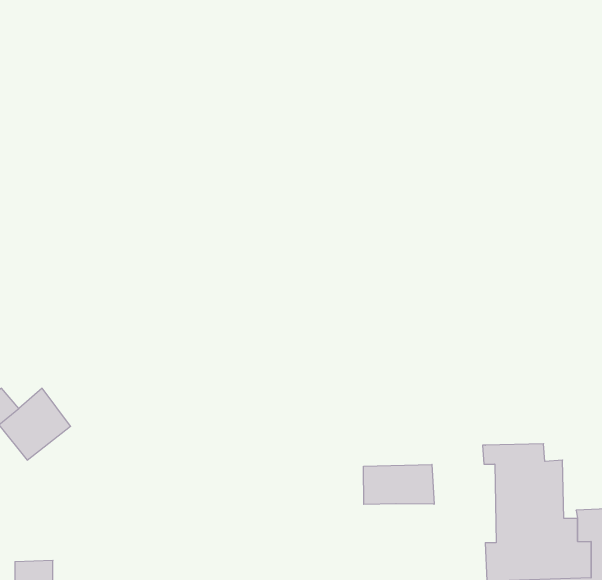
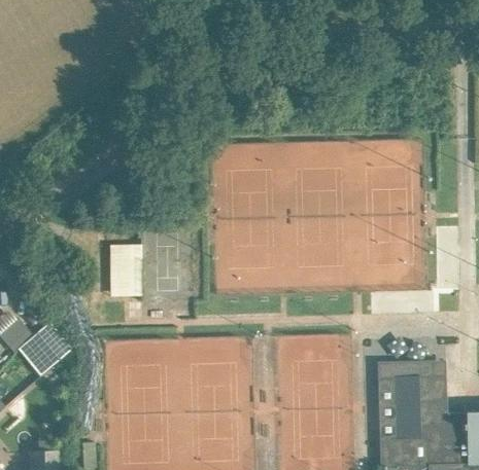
building: none -> [115,244,138,295]
building: [364,464,434,504] -> none

